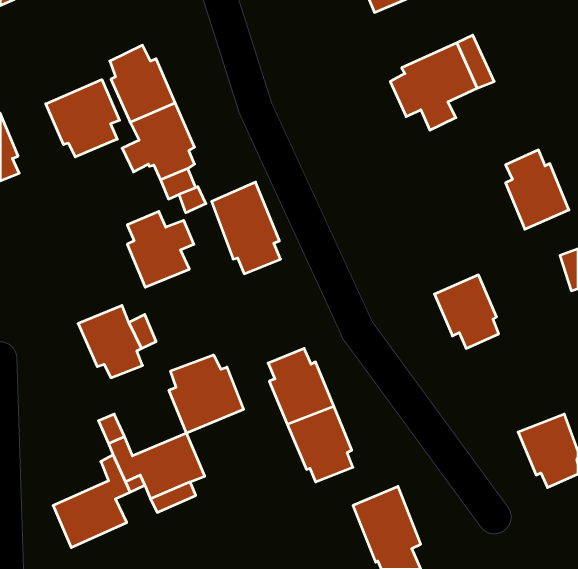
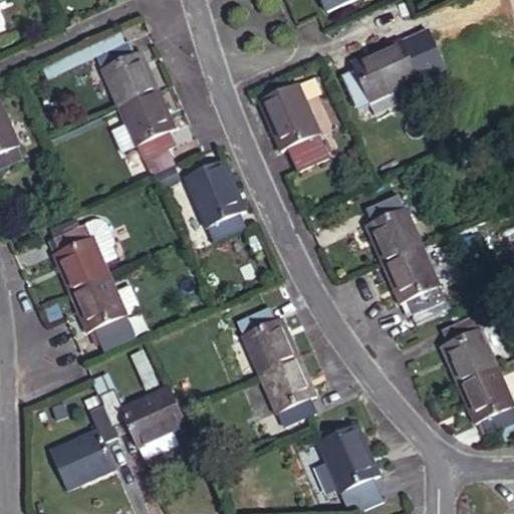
building: [46,80,120,157] -> none
building: none -> [264,81,334,170]
building: [506,150,569,229] -> [368,191,425,261]
building: [127,211,194,287] -> [53,220,112,287]
building: none -> [444,314,501,383]
building: [169,355,244,433] -> none

